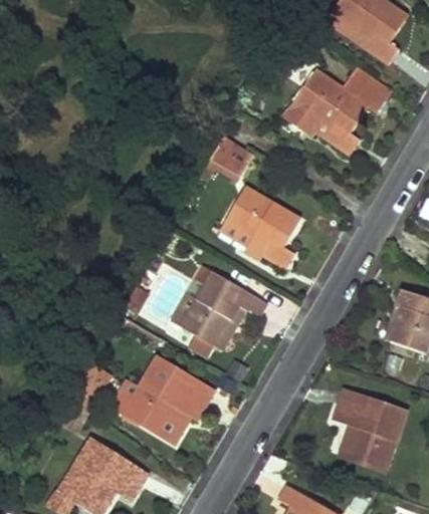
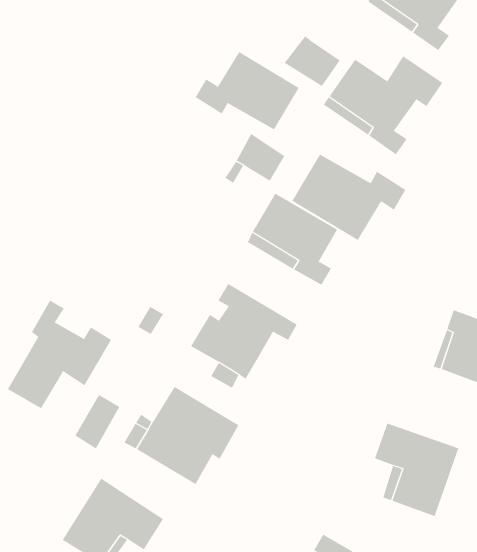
building: none -> [284,36,341,87]
building: none -> [195,51,300,130]
building: none -> [292,154,406,241]
building: none -> [7,300,112,409]

